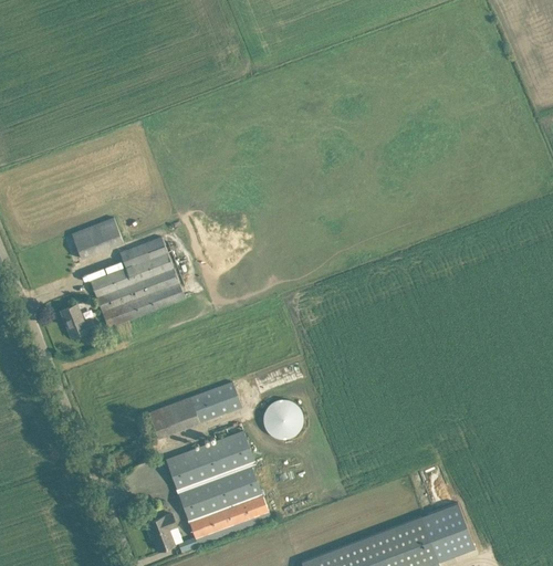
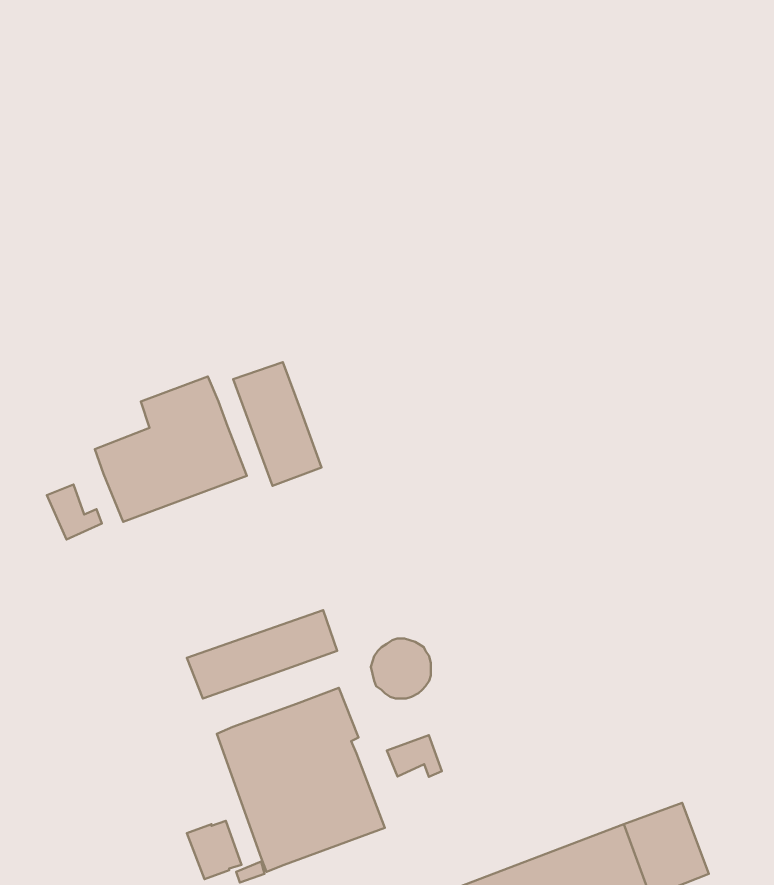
building: [71,218,122,258] -> none
building: none -> [233,362,321,486]
building: none -> [387,735,442,777]

